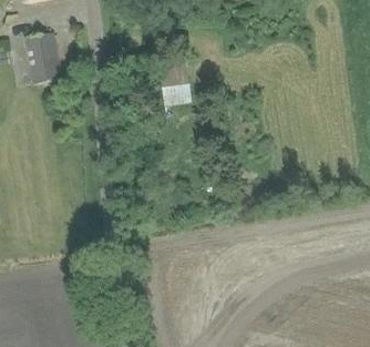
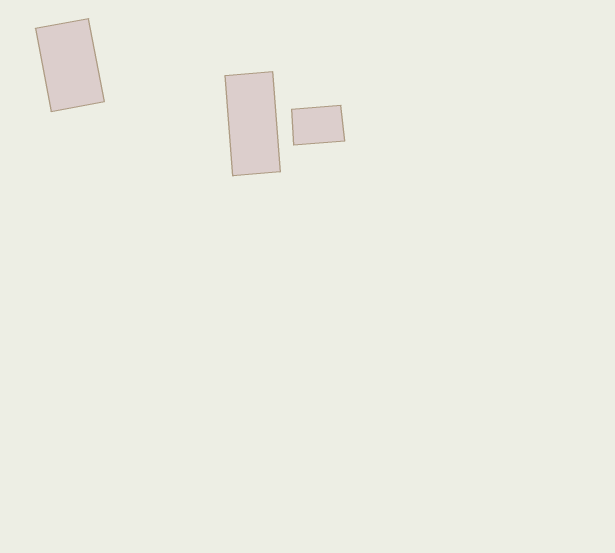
building: none -> [225,72,280,176]

